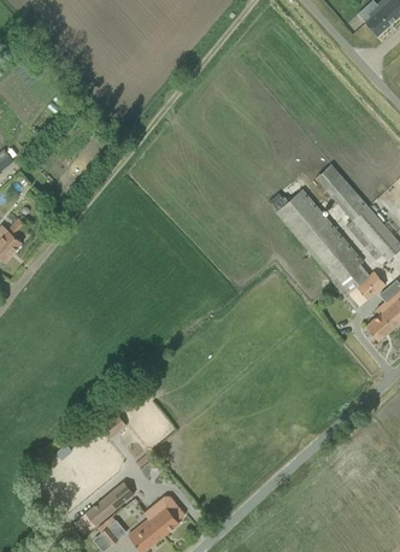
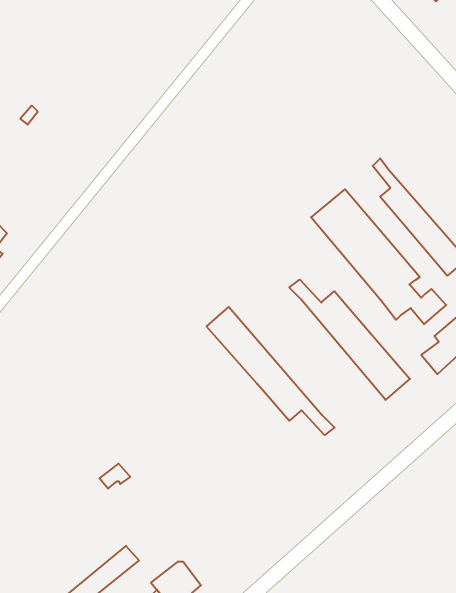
building: none -> [289,280,410,400]
building: none -> [207,307,335,435]

